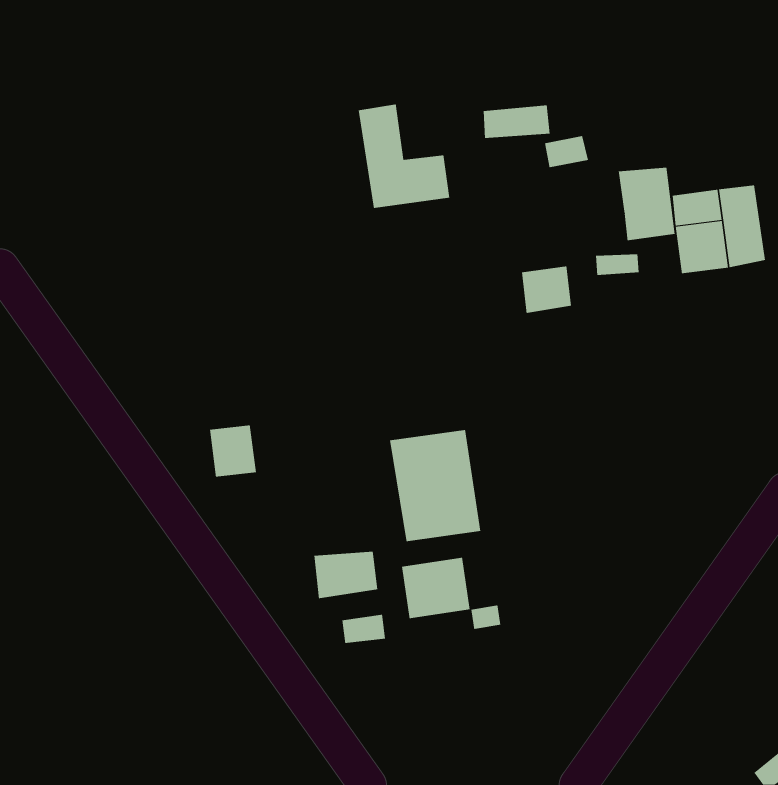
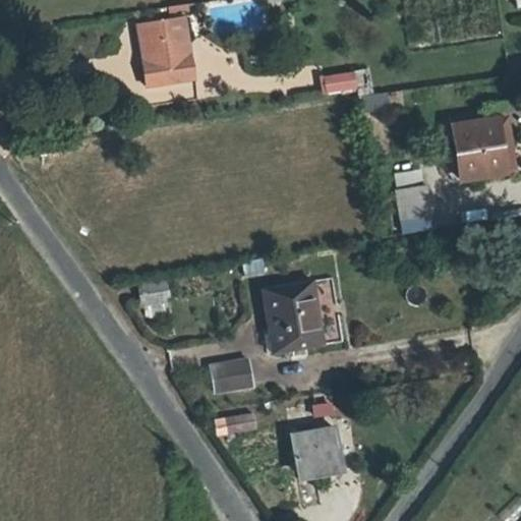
building: [358,104,450,209] -> [140,16,201,85]
building: [618,167,675,241] -> none
building: [521,266,572,314] -> [397,185,430,217]
building: [401,557,470,619] -> [293,433,339,474]

